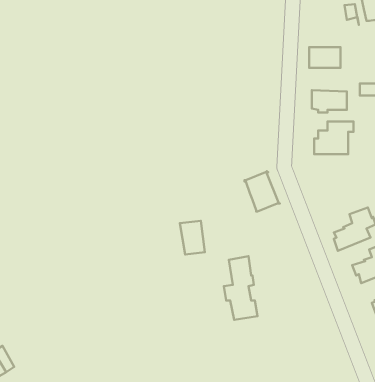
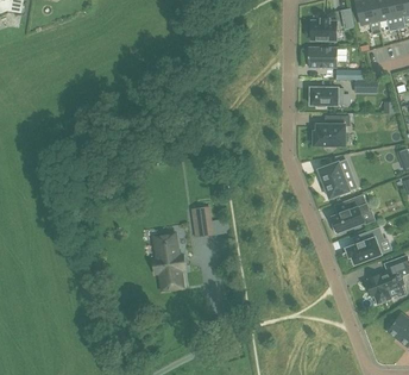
building: none -> [310,17,335,39]
building: [245,171,280,211] -> [317,160,350,196]
building: [224,256,258,320] -> [152,231,183,289]

